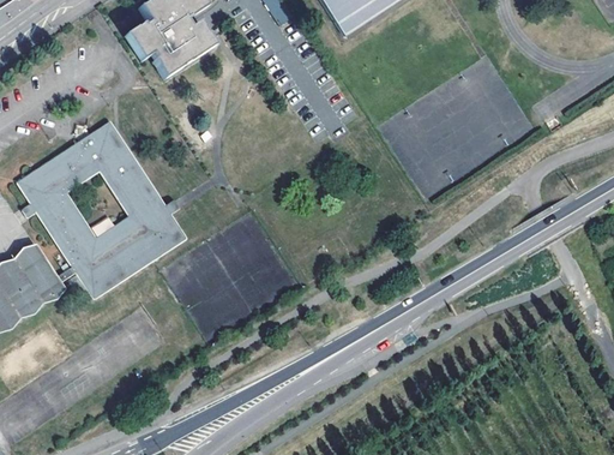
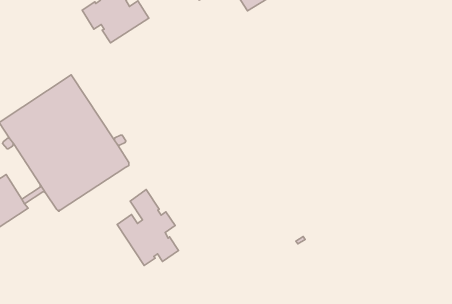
building: none -> [117,189,179,266]

